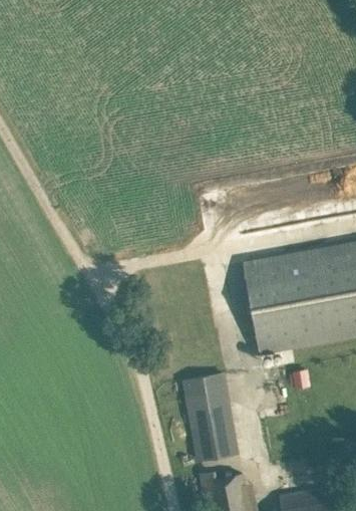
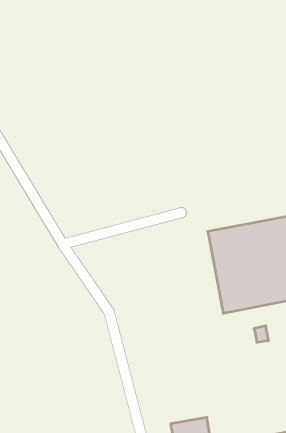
building: [186,372,240,461] -> none

